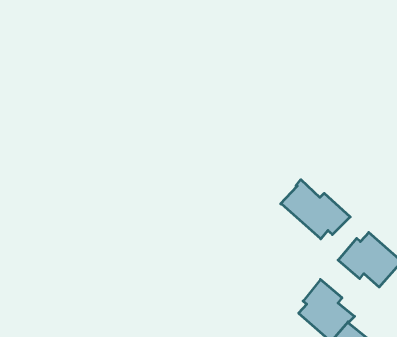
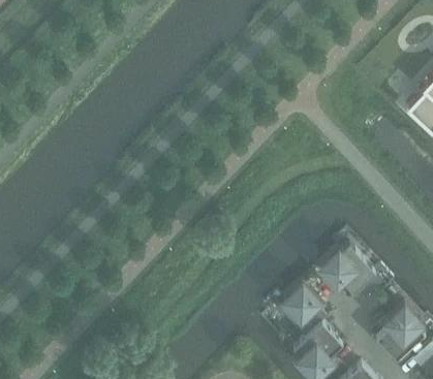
building: [281,180,350,239] -> none

